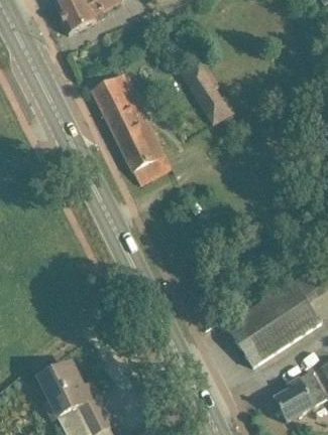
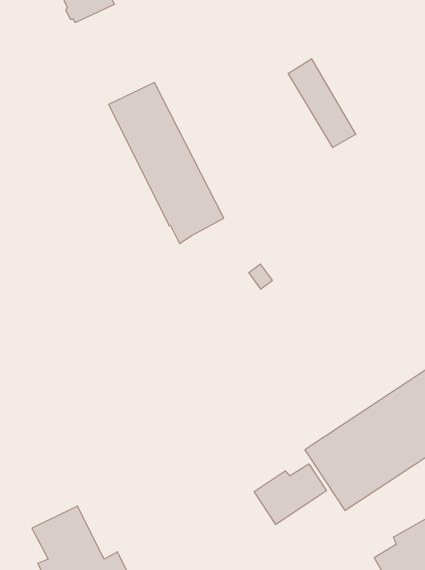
building: [183,62,229,123] -> [288,59,356,147]
building: none -> [254,464,326,524]

